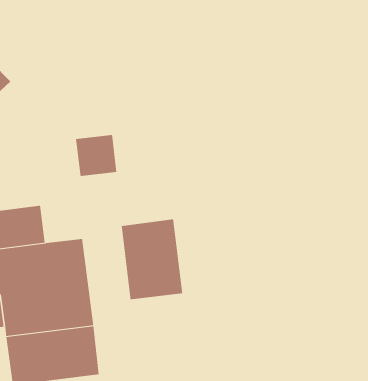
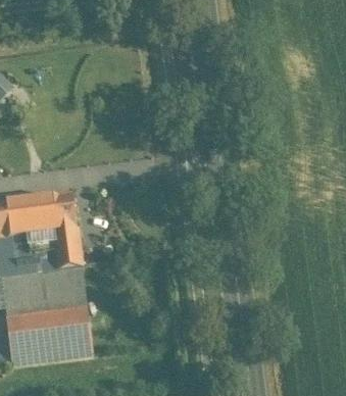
building: [75,134,117,176] -> [39,194,78,233]
building: [121,218,183,300] -> none

